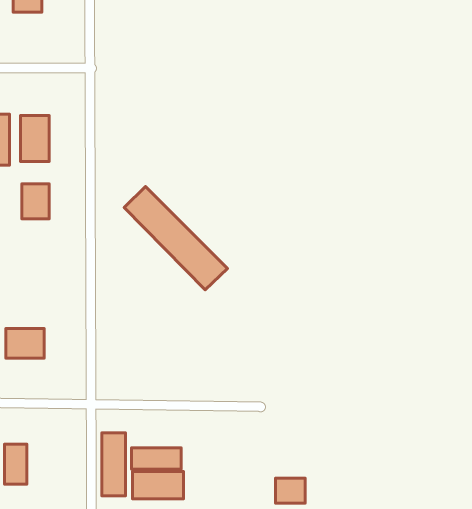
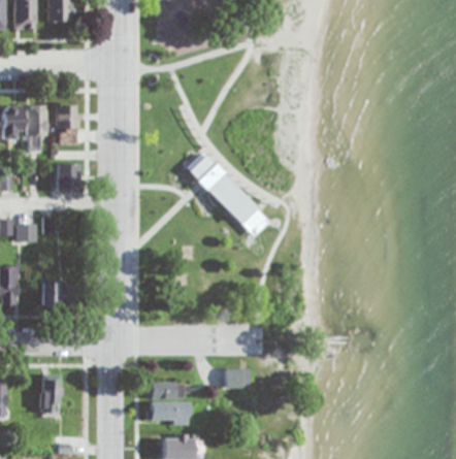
building: [124,186,228,290] -> [185,152,270,237]
building: [102,433,125,496] -> none
building: [275,478,305,503] -> [225,368,250,389]

